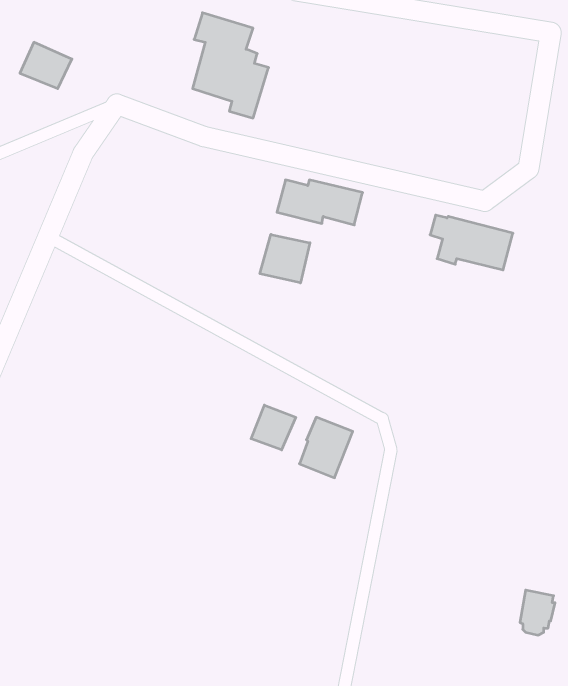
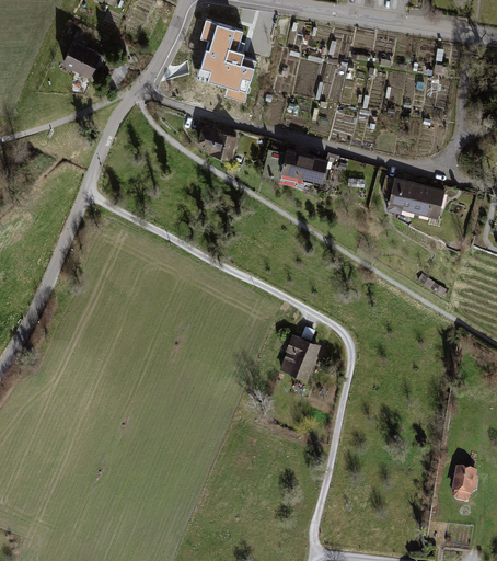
building: none -> [197,127,239,160]
building: [260,234,310,283] -> none
building: [251,405,296,450] -> none

